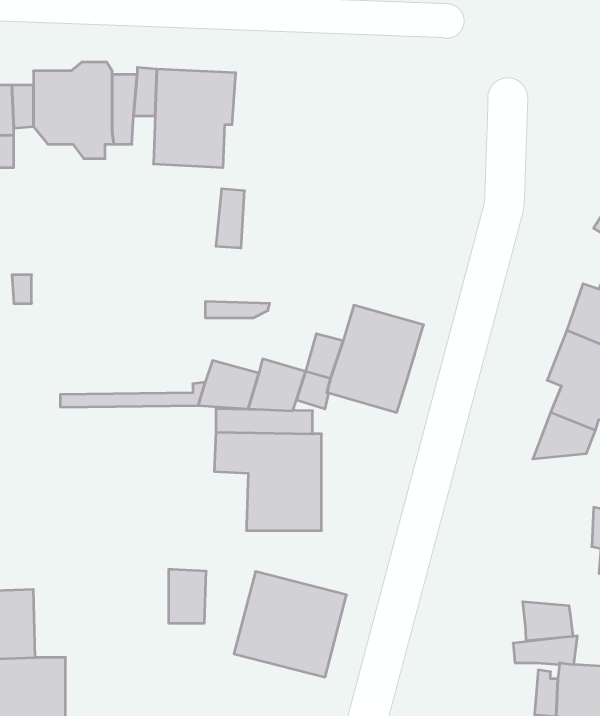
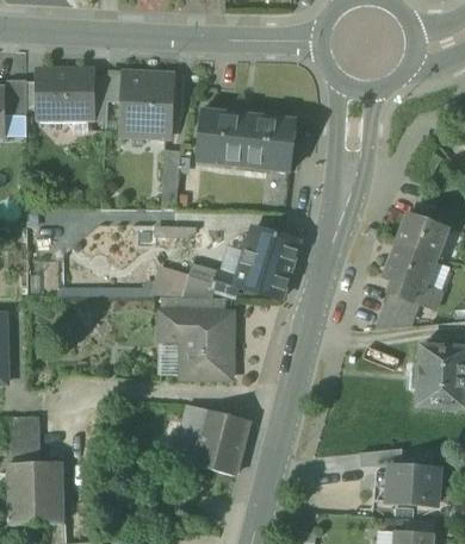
building: none -> [197,111,297,170]
building: [169,569,206,623] -> [159,338,184,374]
building: [523,602,573,641] -> none

